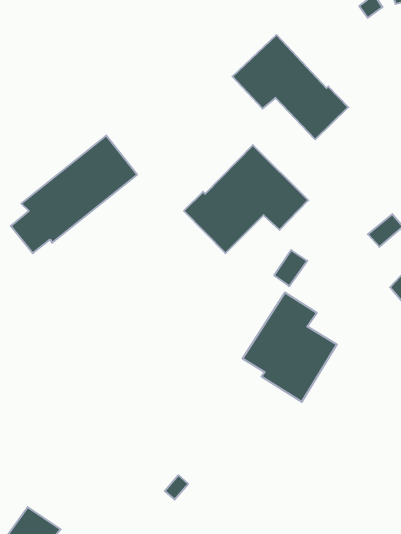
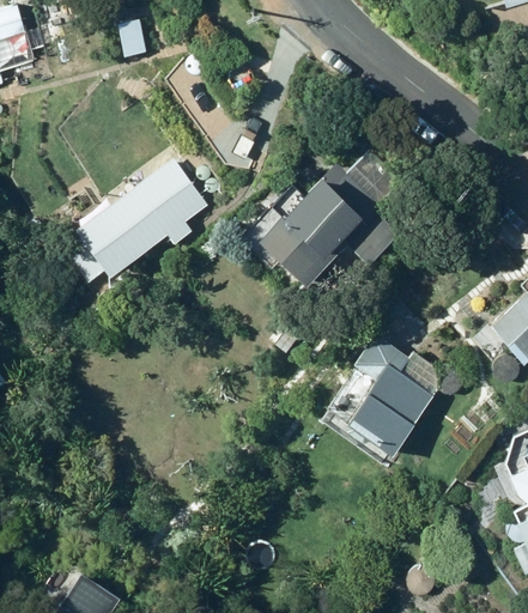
building: [232,35,348,139] -> none

